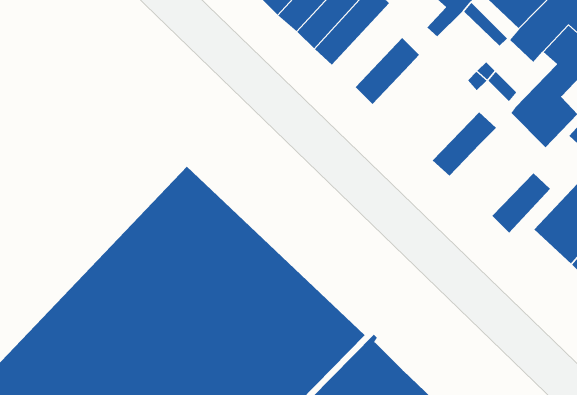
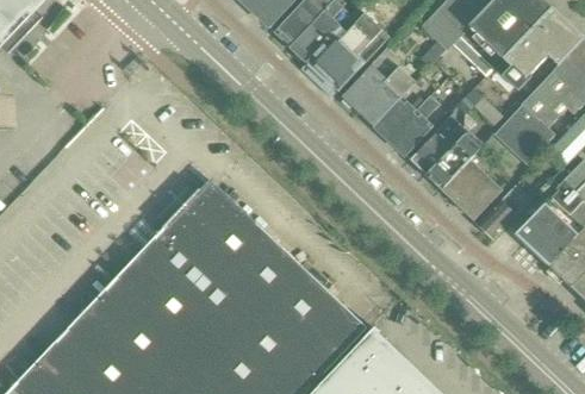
building: none -> [342,48,403,111]
building: none -> [373,95,438,156]
building: none -> [410,117,467,175]
building: none -> [441,161,500,220]

